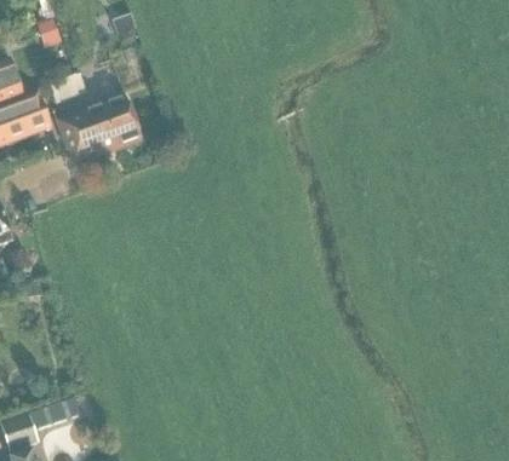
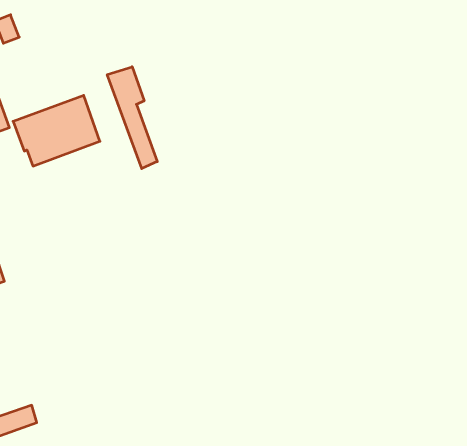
building: none -> [107,67,157,169]

